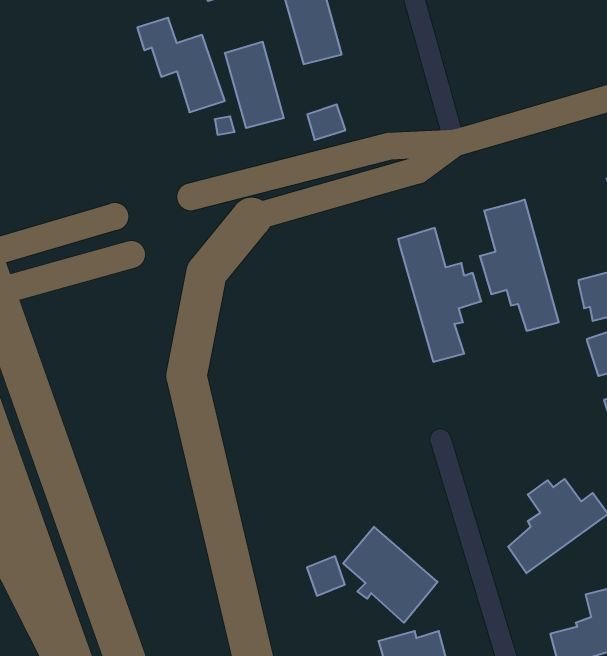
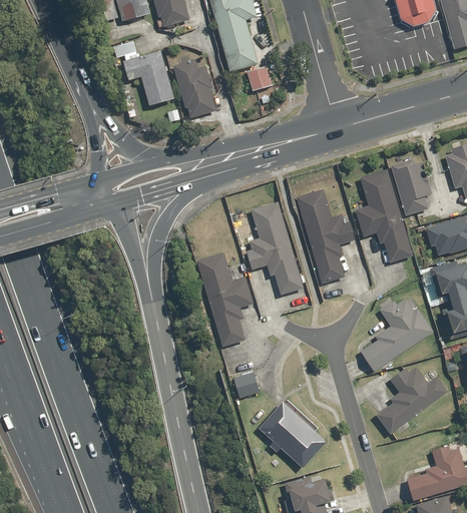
building: [307,105,345,140] -> [247,67,274,92]
building: none -> [392,161,431,214]
building: none -> [246,202,303,296]
building: none -> [196,251,253,347]
building: none -> [359,299,433,371]
building: [307,556,345,596] -> [231,370,259,398]

